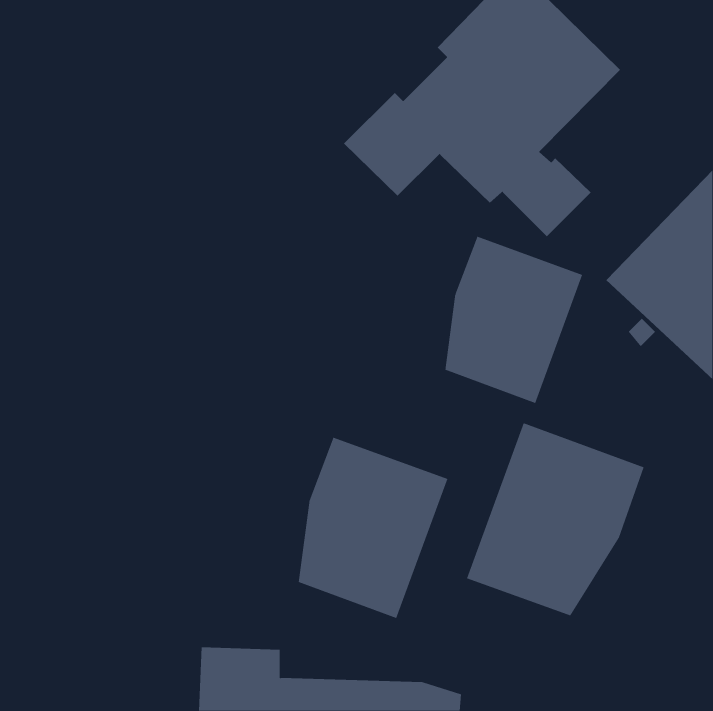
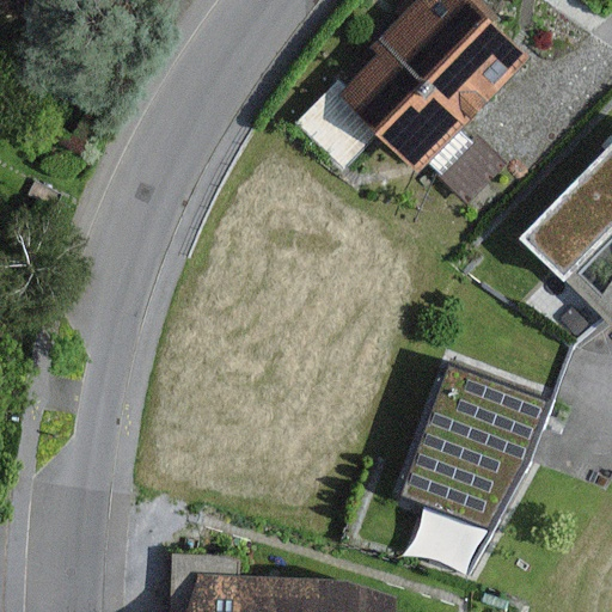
building: [445,236,583,404] -> none
building: [298,437,448,619] -> none

